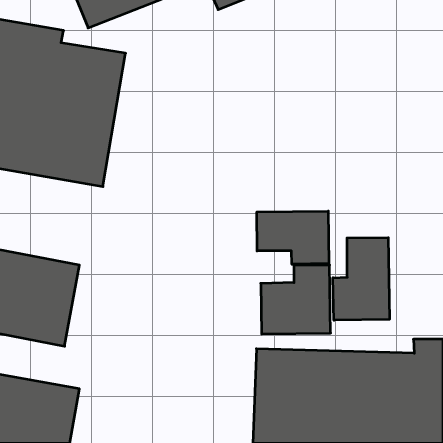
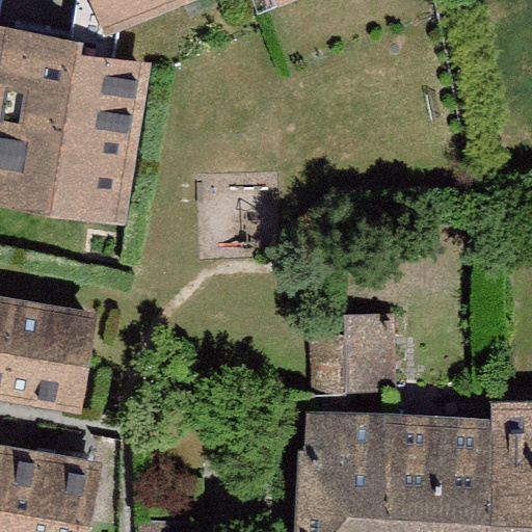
building: [257,211,329,264] -> none
building: [333,238,389,320] -> none

